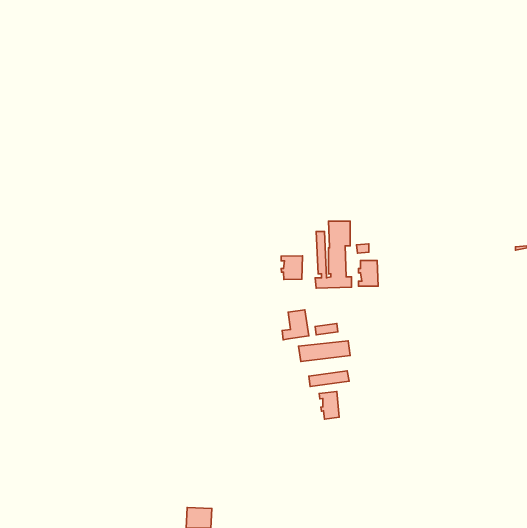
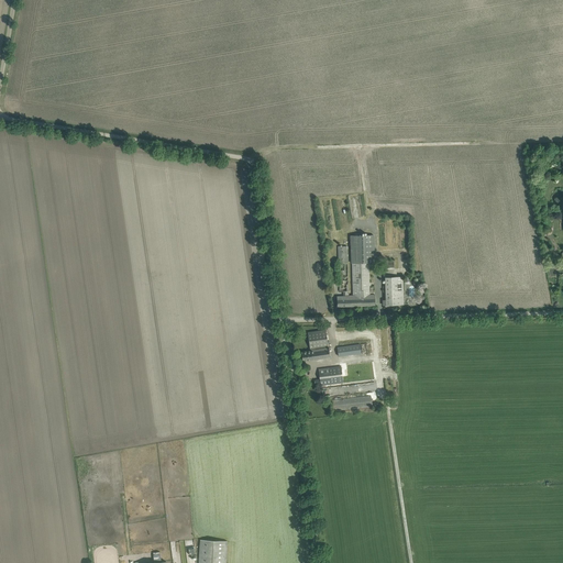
building: [281,256,302,280] -> none
building: [319,391,339,419] -> none

